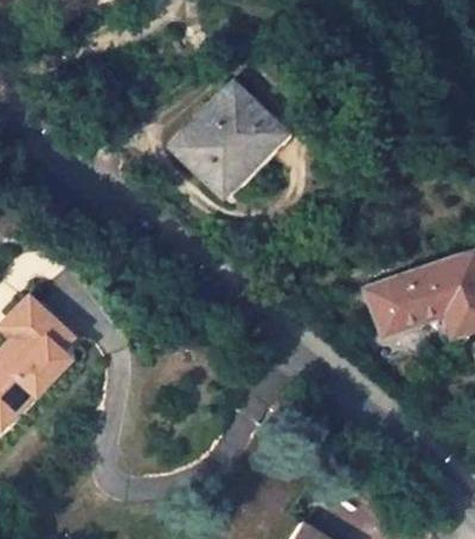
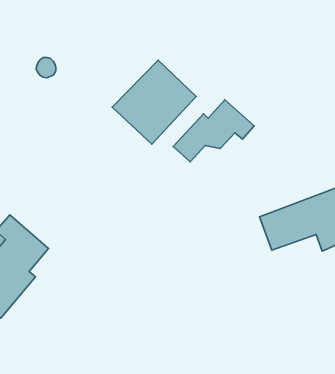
building: none -> [173,100,254,162]

